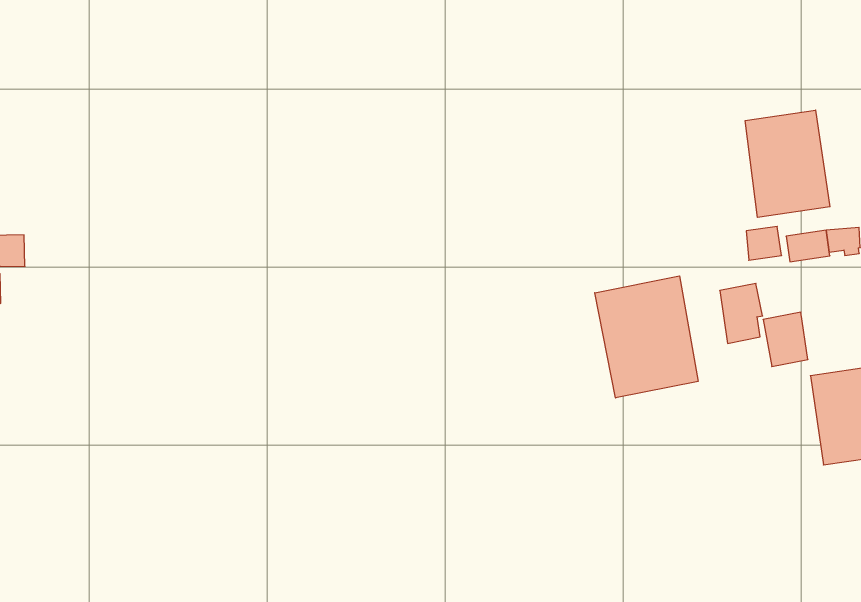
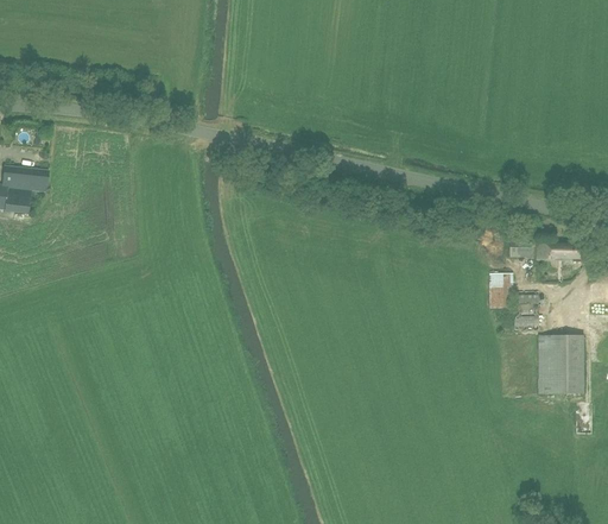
building: [745,110,830,217] -> none
building: [595,276,698,398] -> none

